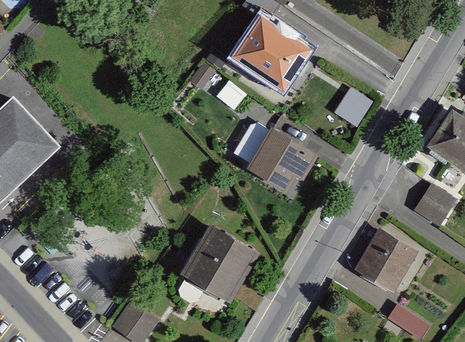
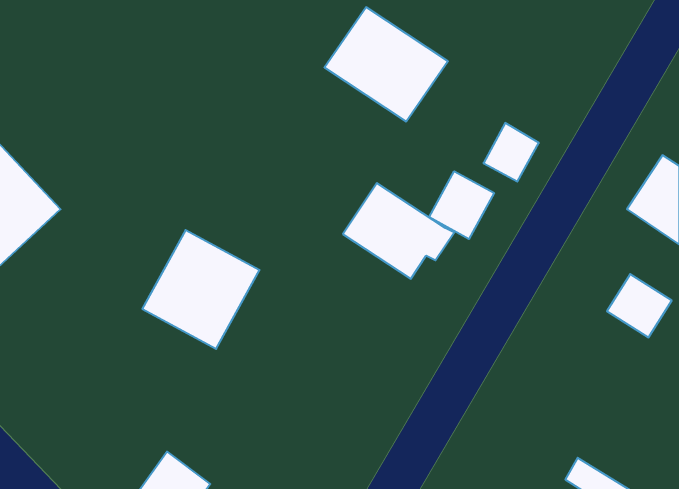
building: none -> [429,171,494,239]
building: [179,223,255,300] -> [142,230,260,349]
building: [353,229,417,293] -> none

